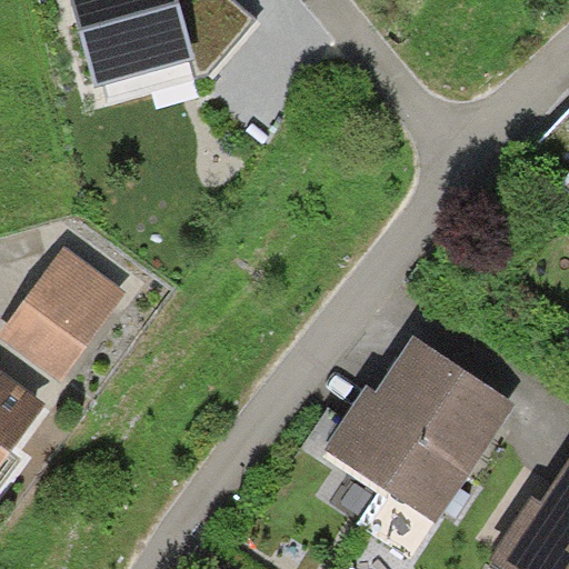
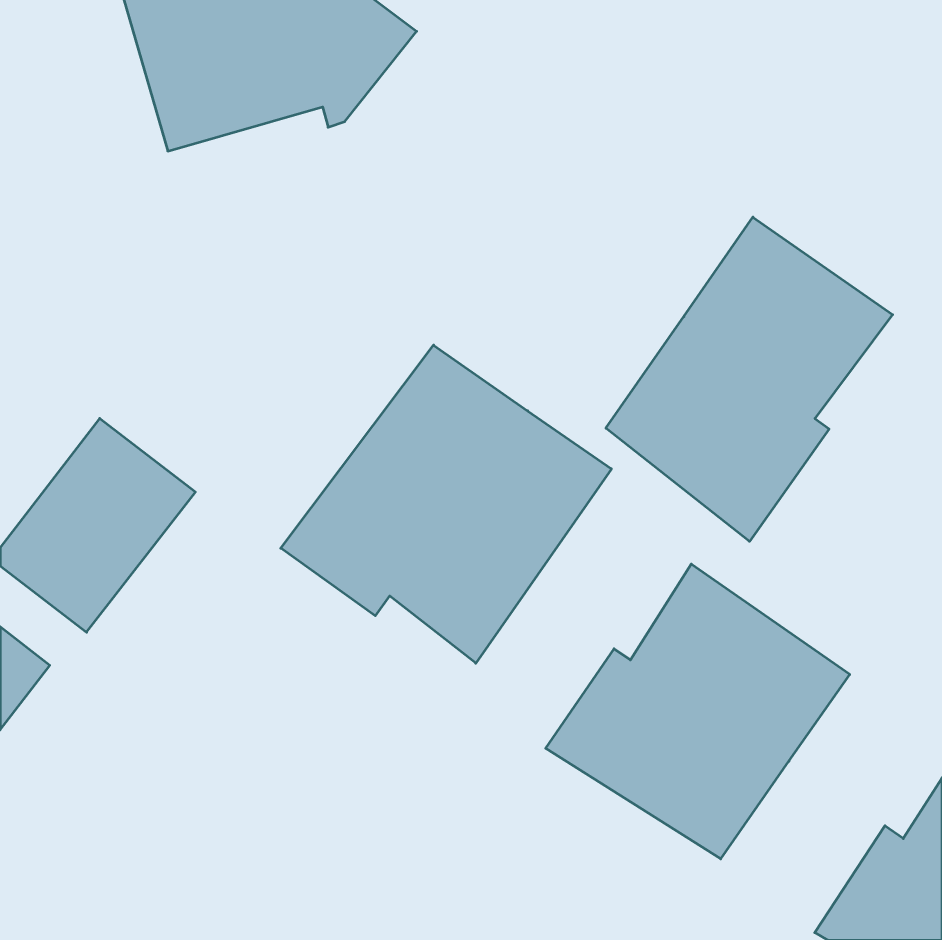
building: none -> [606,217,893,541]
building: none -> [281,345,611,663]

